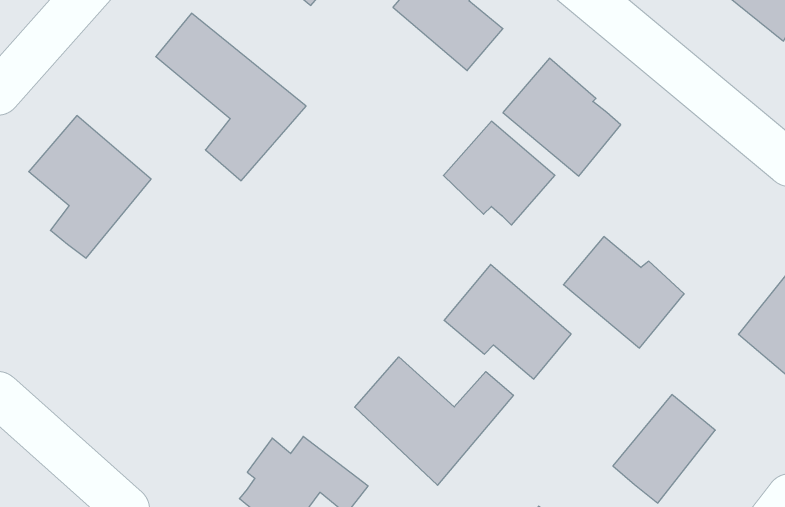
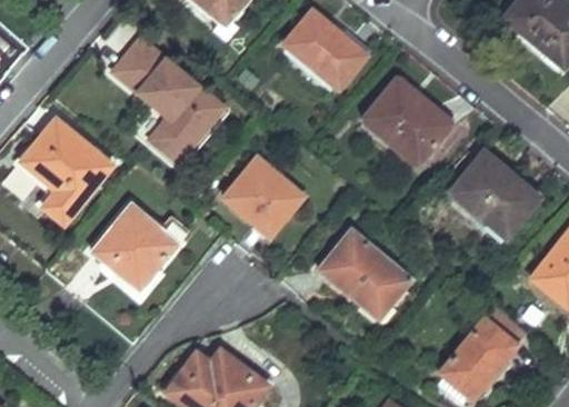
building: [443,121,555,225] -> [223,157,303,231]
building: none -> [94,206,187,288]
building: [563,237,684,348] -> [450,156,537,236]
building: [355,357,513,485] -> none

